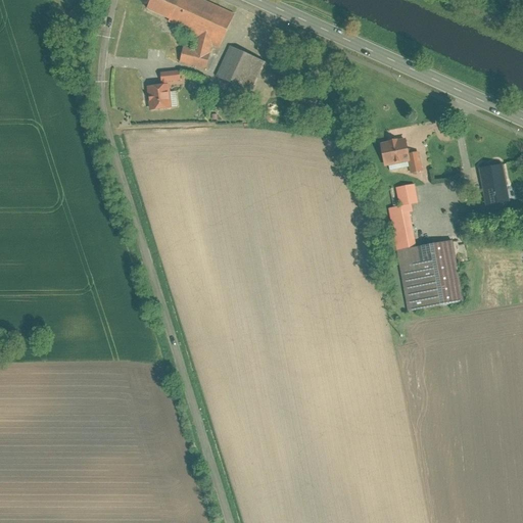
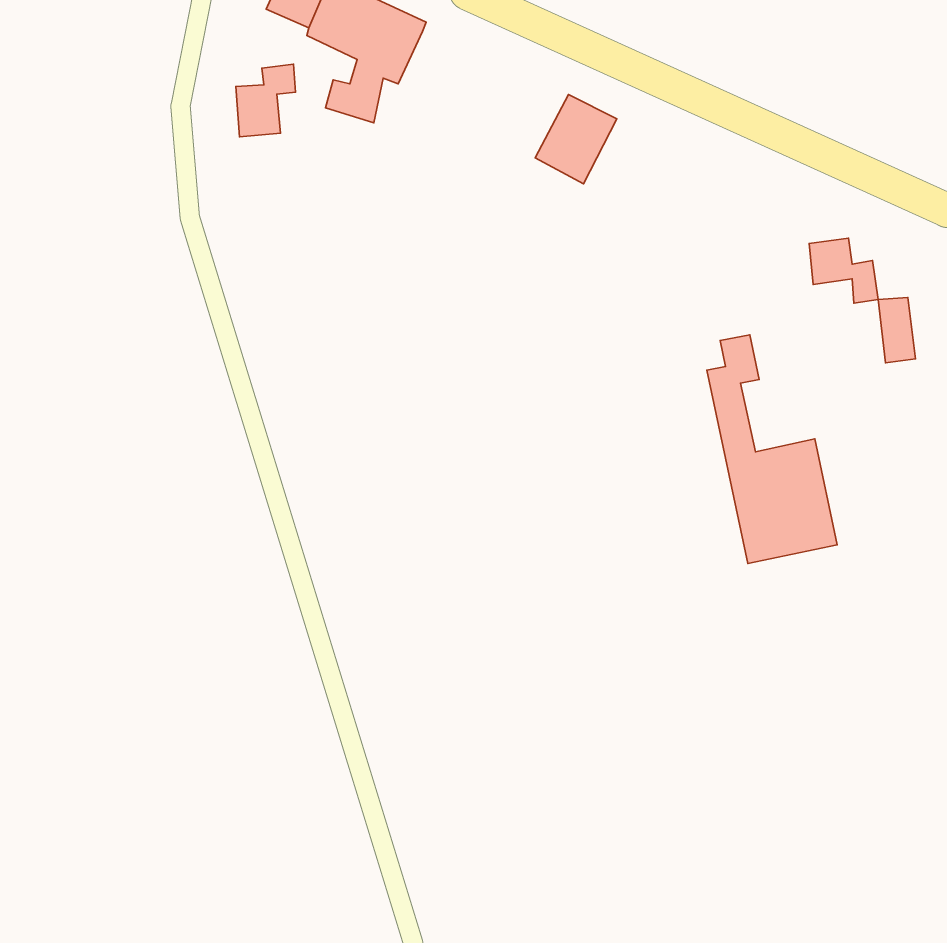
building: [216,46,260,95] -> [535,95,617,184]
building: [147,72,180,111] -> [236,64,295,137]
building: [384,139,422,175] -> [809,238,878,303]

